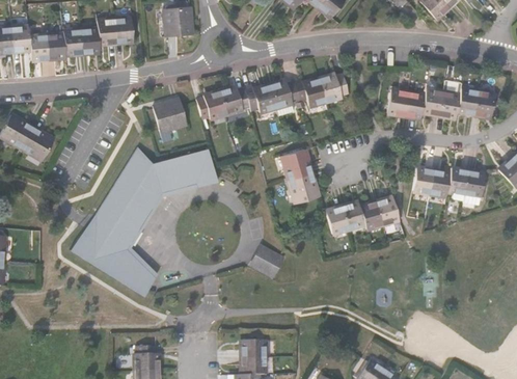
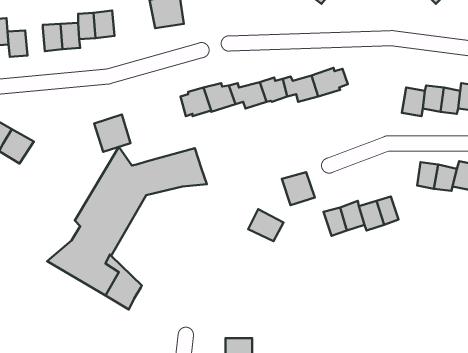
building: [47,34,66,60] -> none
building: [385,87,406,114] -> none
building: [149,96,184,131] -> [94,115,131,152]
building: [280,146,311,177] -> none
building: [253,246,287,276] -> [248,209,284,241]

